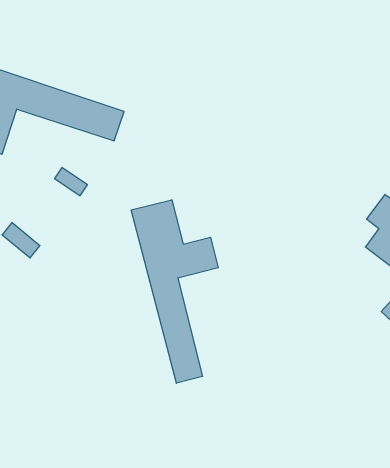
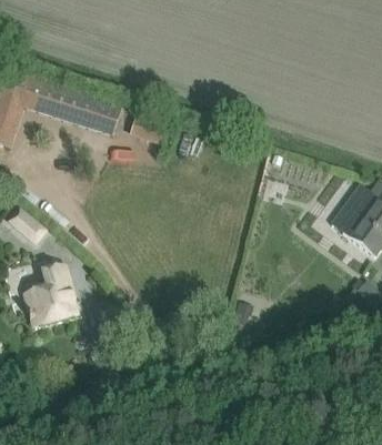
building: [131,200,218,383] -> none
building: none -> [27,263,78,326]

